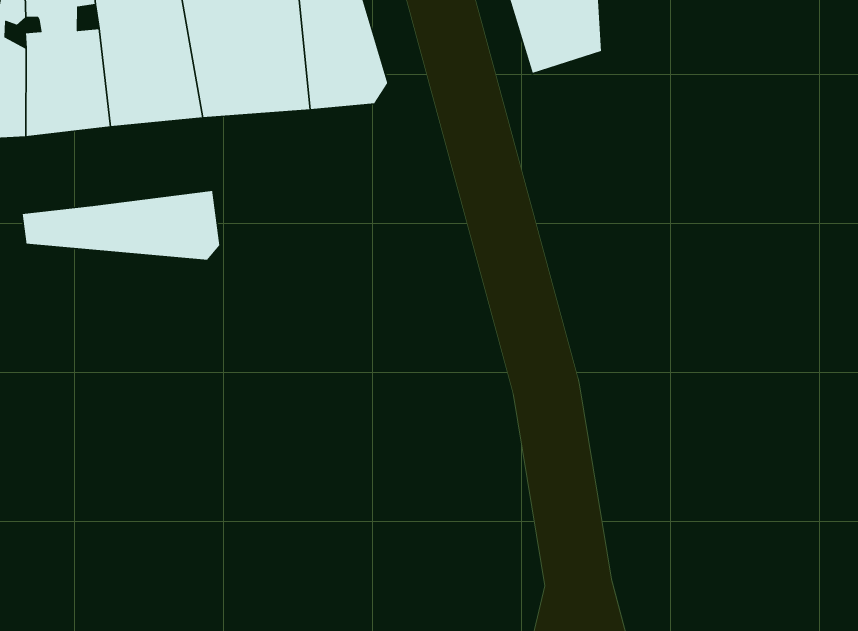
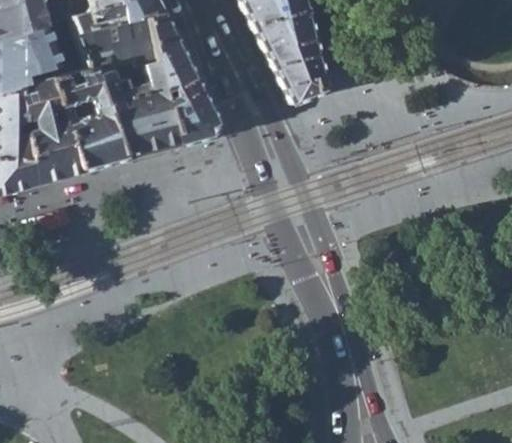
building: [22,190,220,261] -> none

